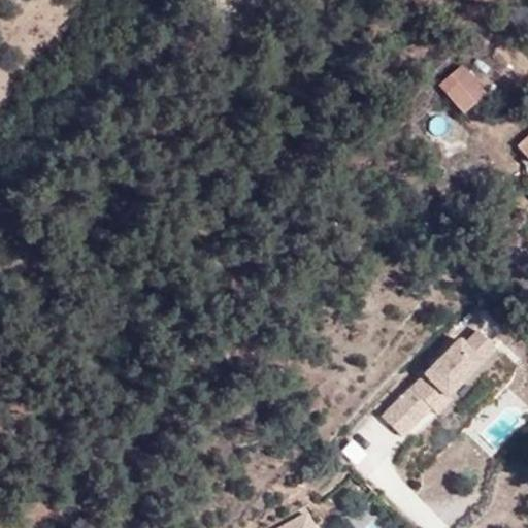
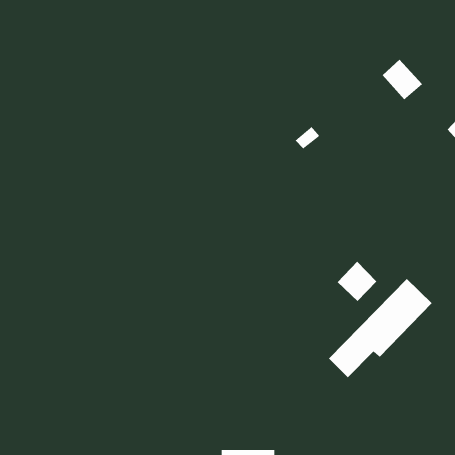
building: none -> [337,261,377,302]

